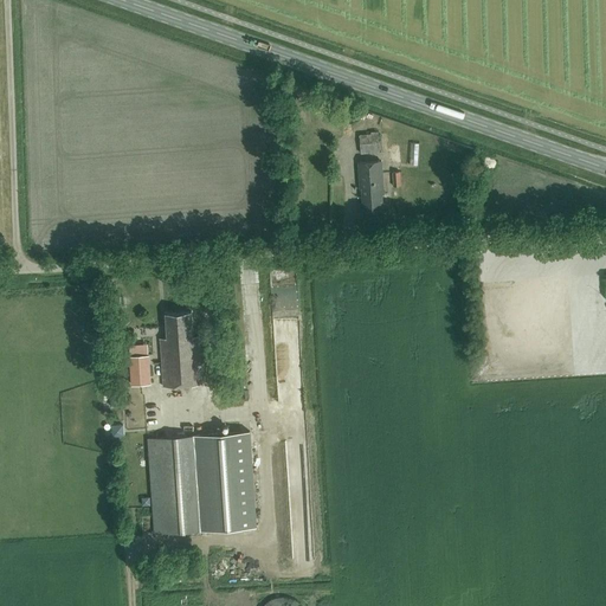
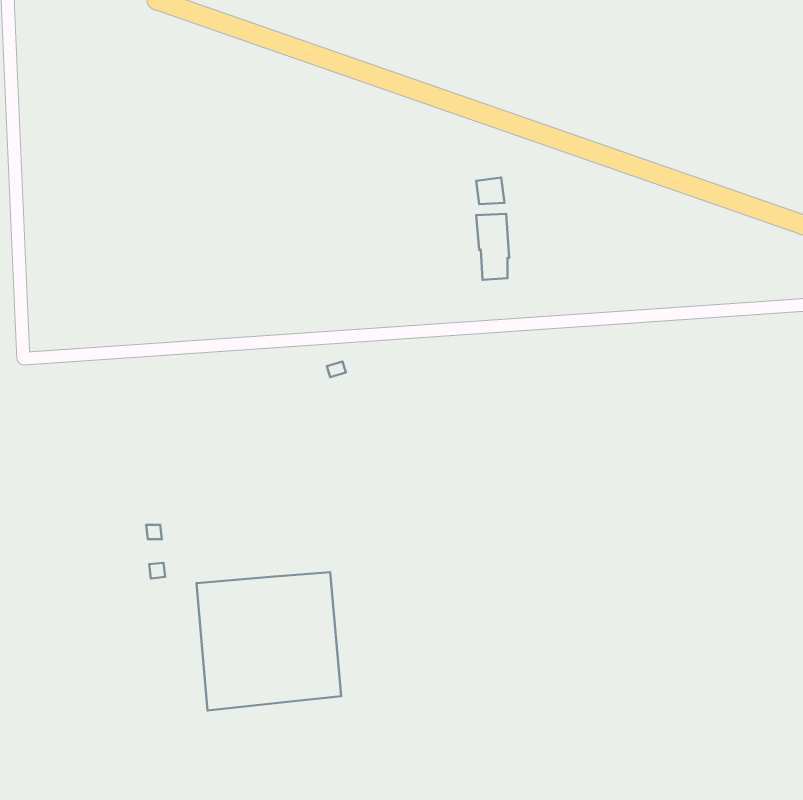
building: [160,315,202,389] -> none
building: [130,353,149,386] -> none

